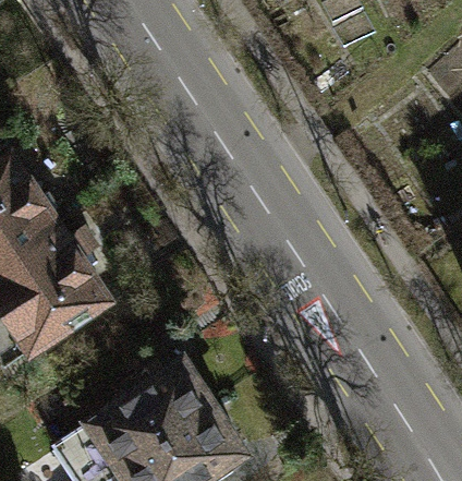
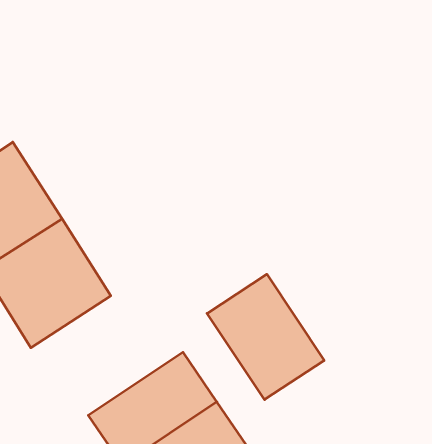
building: none -> [207,274,324,400]

